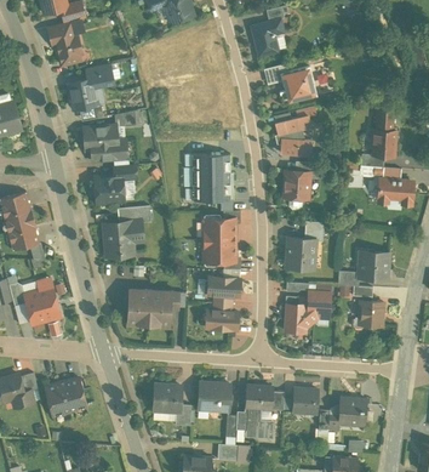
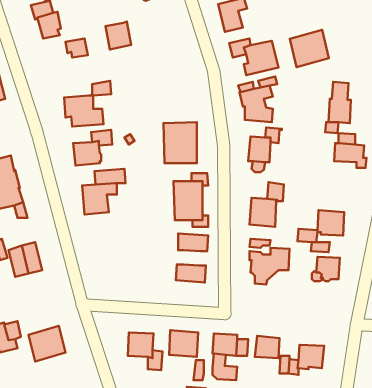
building: none -> [290,30,329,67]
building: [68,79,96,109] -> [106,22,131,49]
building: [127,290,177,326] -> none

